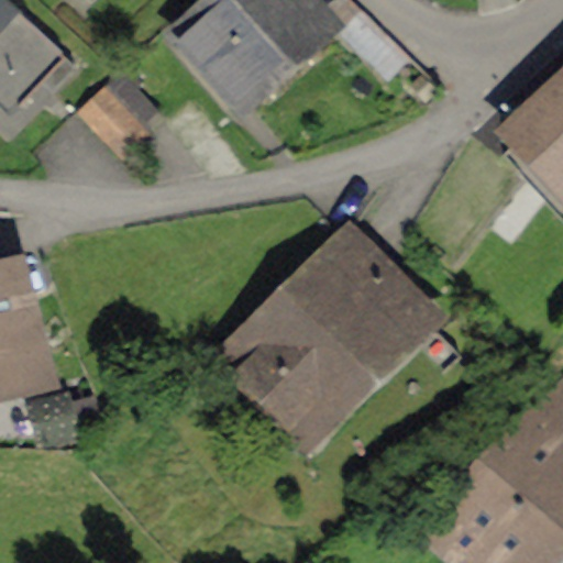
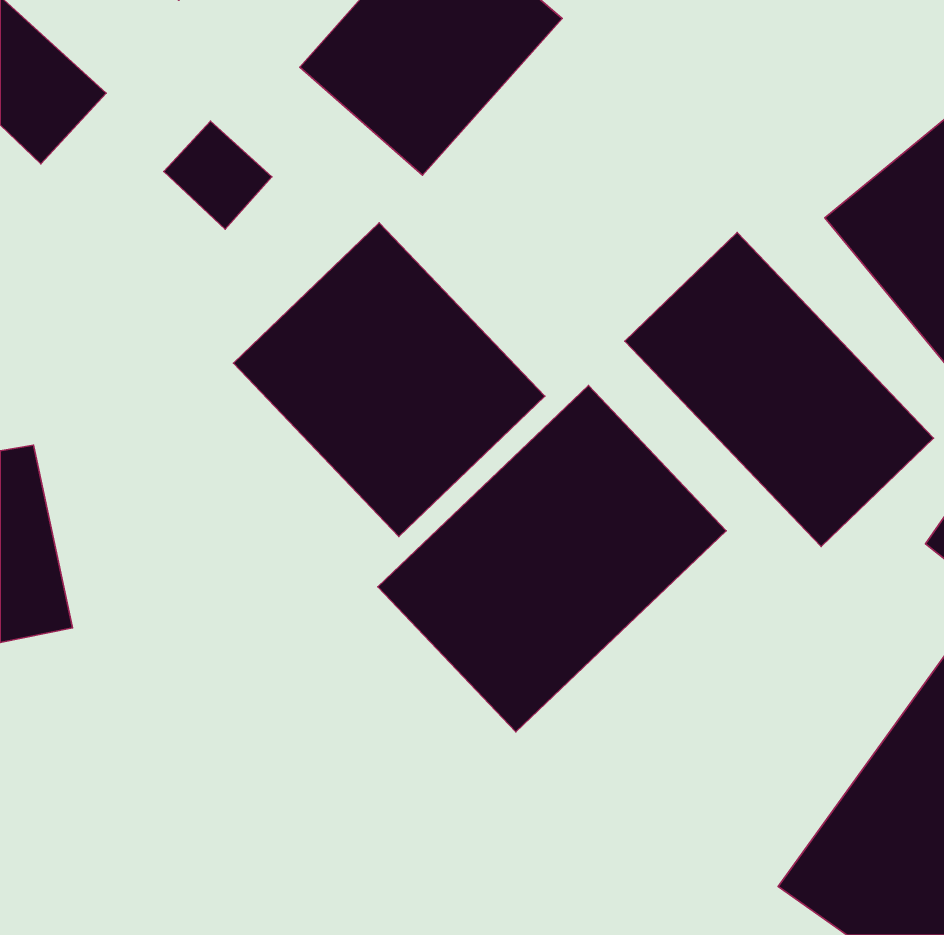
building: none -> [233,223,545,536]
building: none -> [625,233,934,547]

